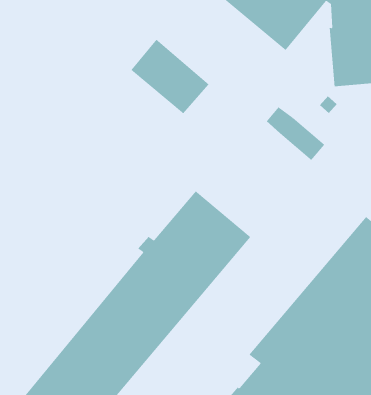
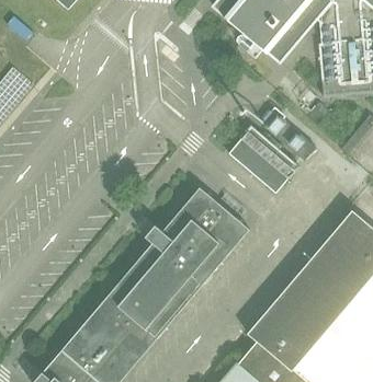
building: [130,39,209,114] -> [229,126,299,193]

